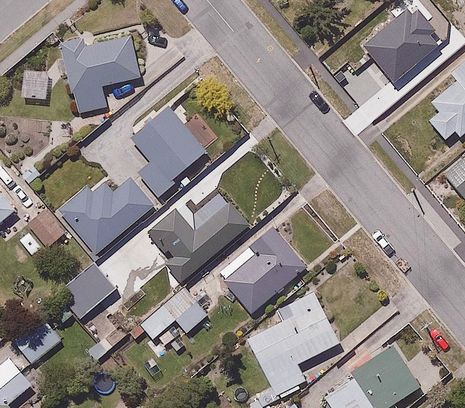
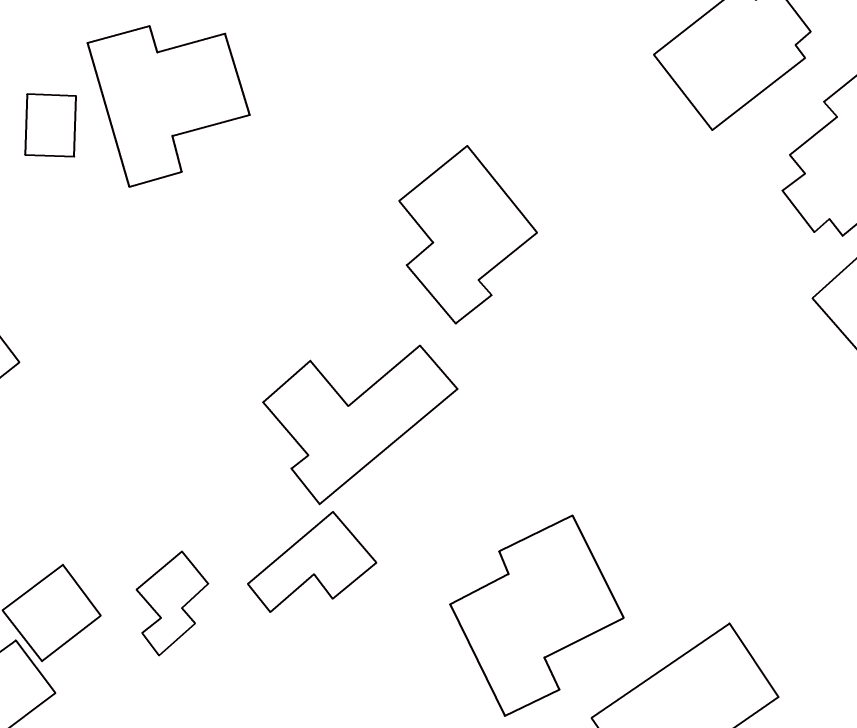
building: [132,107,205,201] -> [399,146,537,324]
building: [59,178,156,256] -> none
building: [25,207,67,250] -> none
building: [217,227,306,314] -> none
building: [59,261,119,320] -> none

